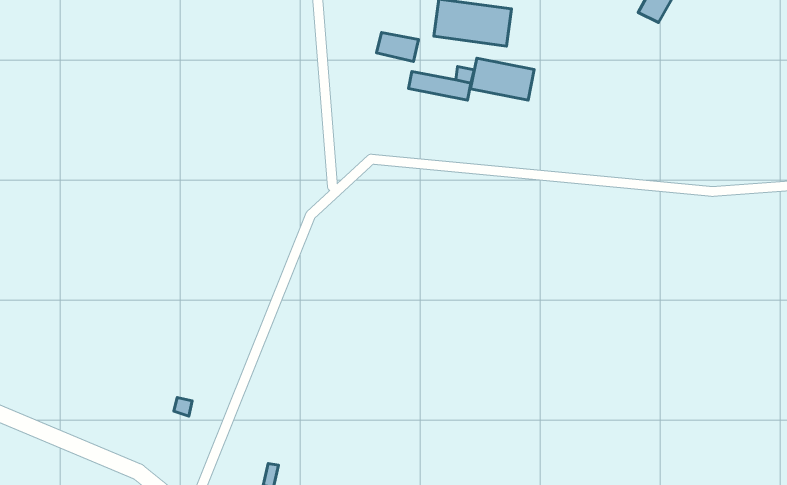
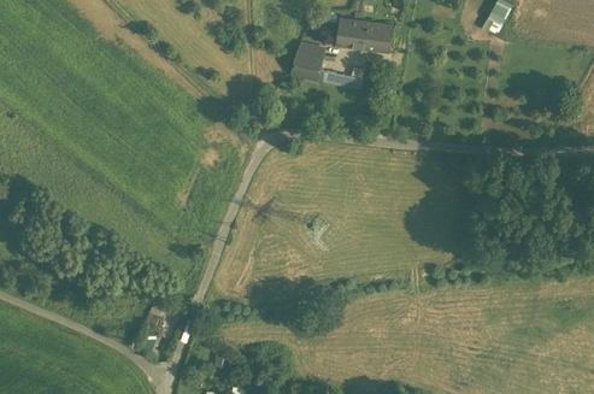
building: none -> [292,55,322,81]
building: [471,58,534,100] -> none

